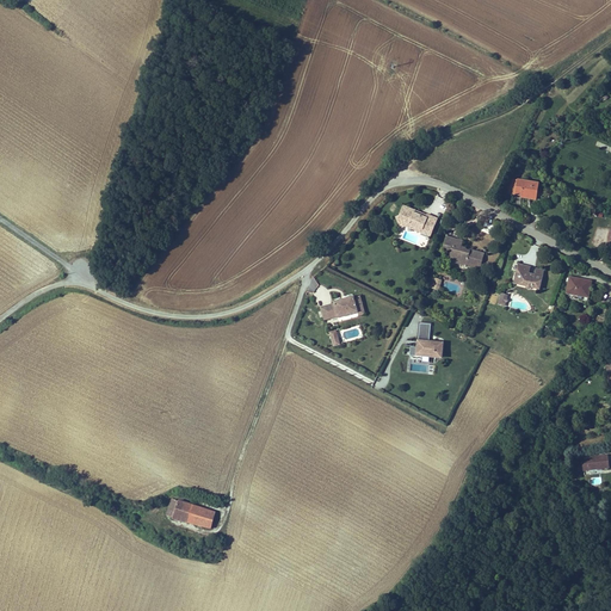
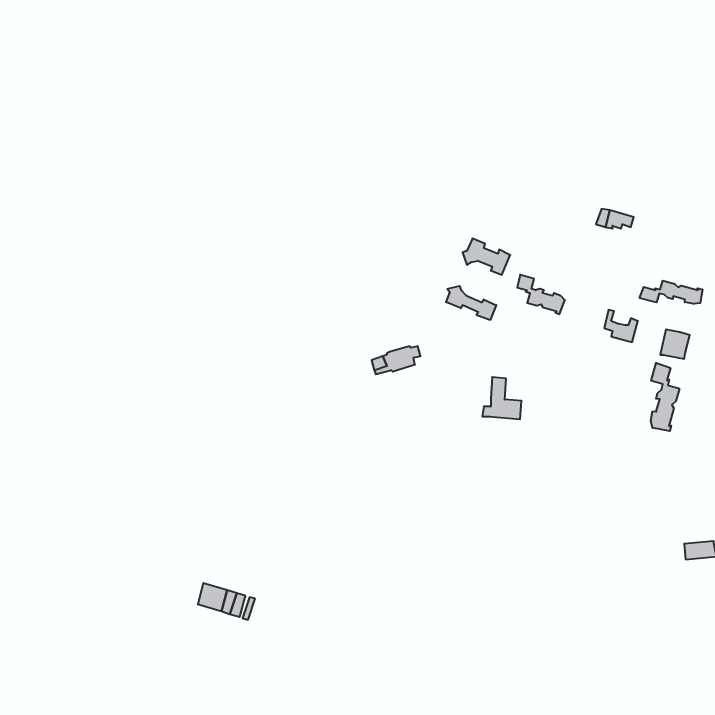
building: none -> [640,281,702,304]
building: none -> [446,286,496,320]
building: none -> [651,363,679,431]

